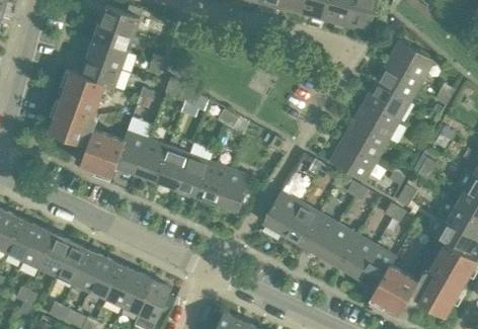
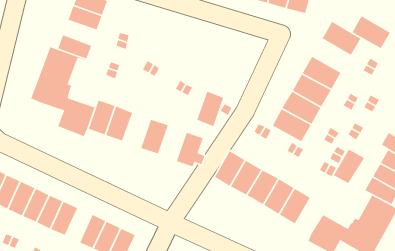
building: [86,39,127,69] -> none
building: [376,61,421,100] -> [352,15,391,49]
building: [156,147,188,188] -> none
building: [197,161,230,203] -> [196,90,224,127]
building: [356,245,394,286] -> [333,148,365,184]
building: [89,257,121,298] -> none

